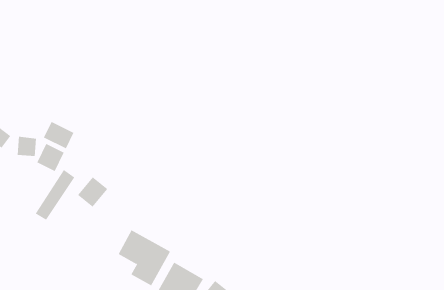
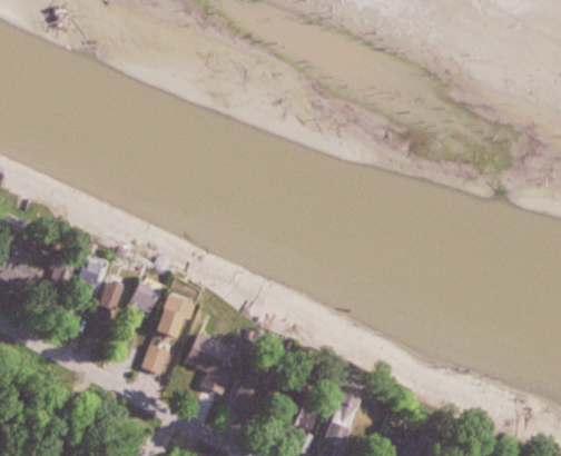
building: [43,121,74,149] -> none
building: none -> [156,295,196,339]
building: none -> [139,344,168,375]

